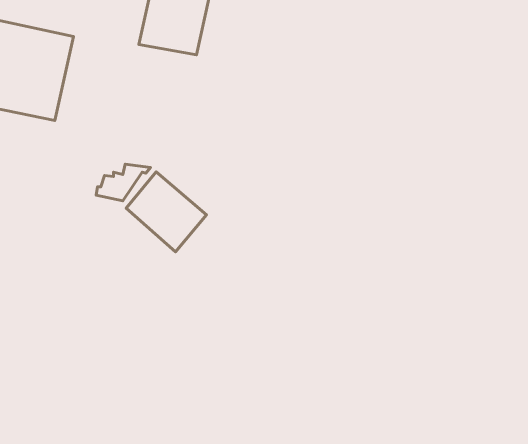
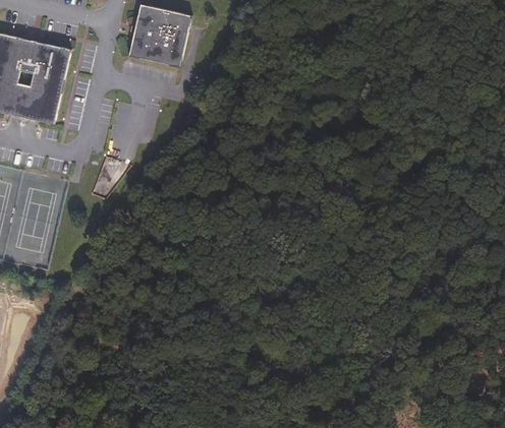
building: [126,172,206,252] -> none

